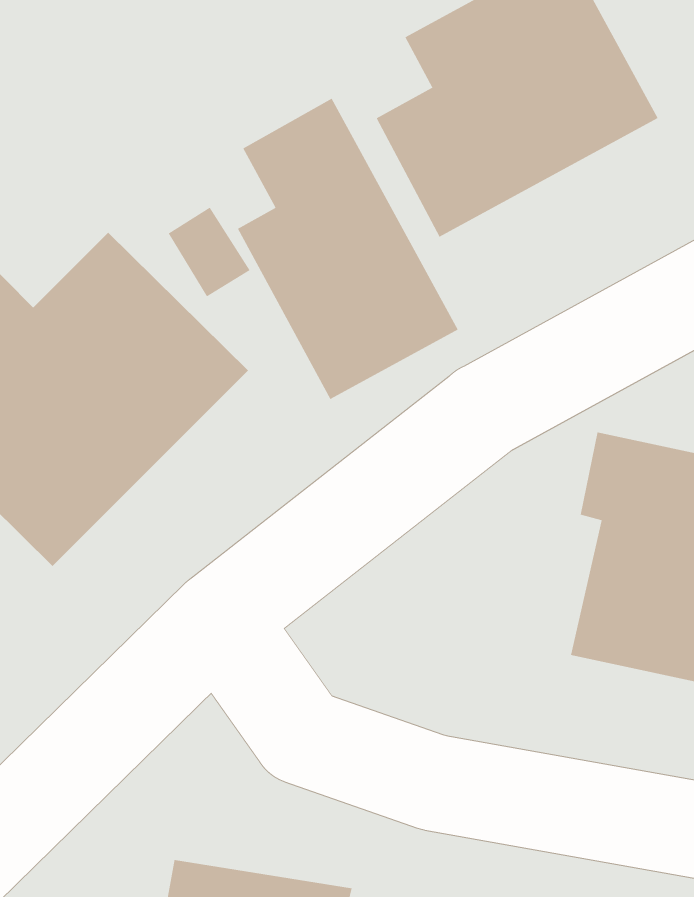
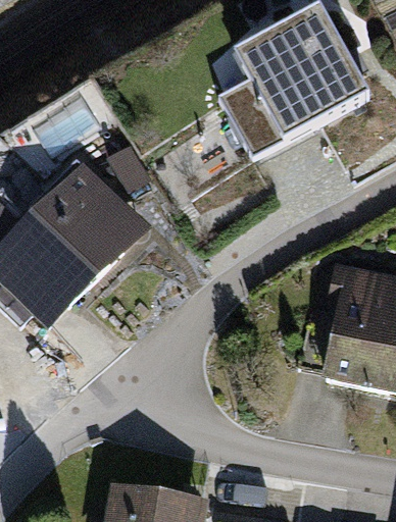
building: [237,98,459,400] -> none

